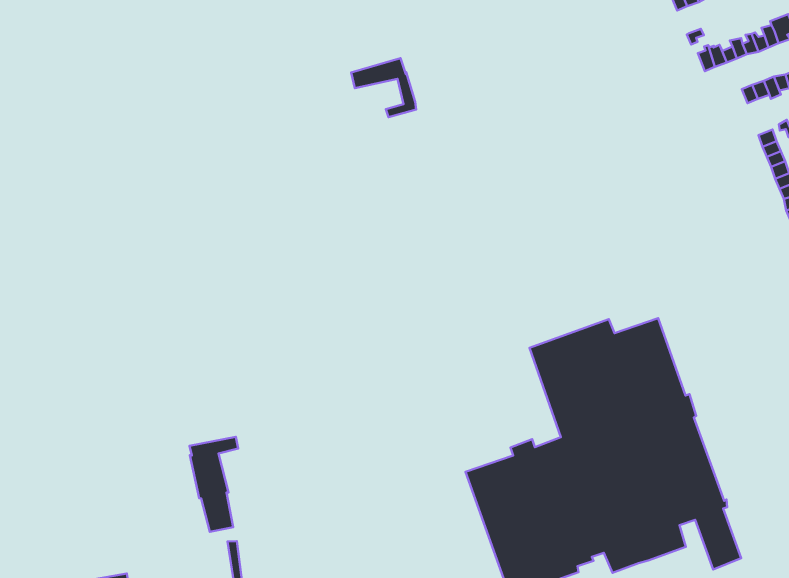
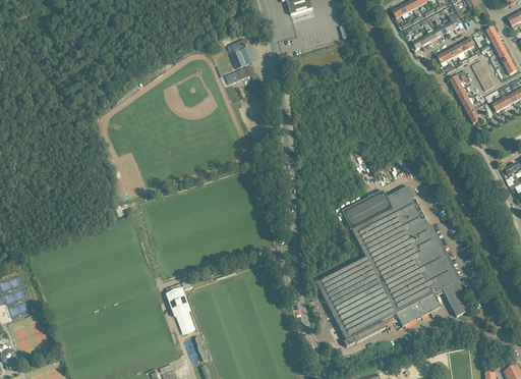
building: none -> [230,38,255,68]

